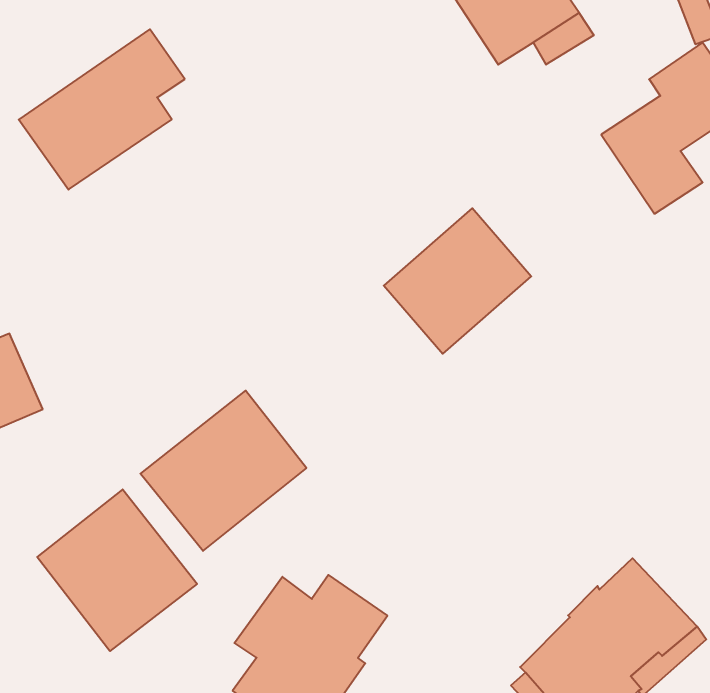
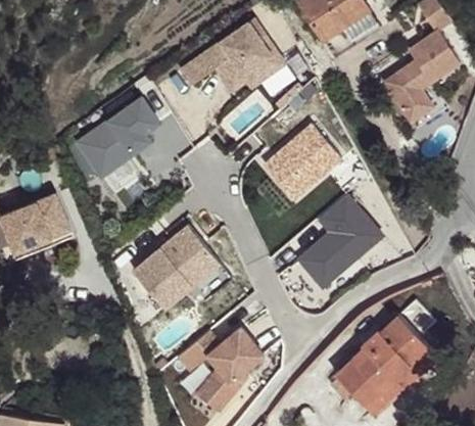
building: none -> [175,14,287,99]
building: [19,29,185,190] -> [68,92,160,181]
building: none -> [295,191,386,287]
building: [37,489,197,651] -> none

